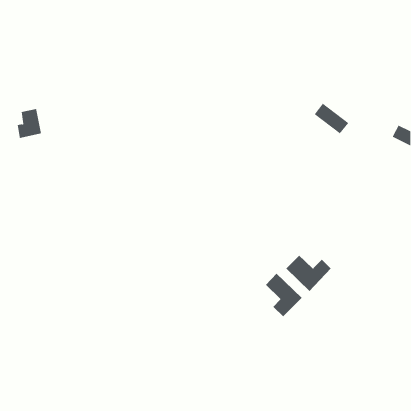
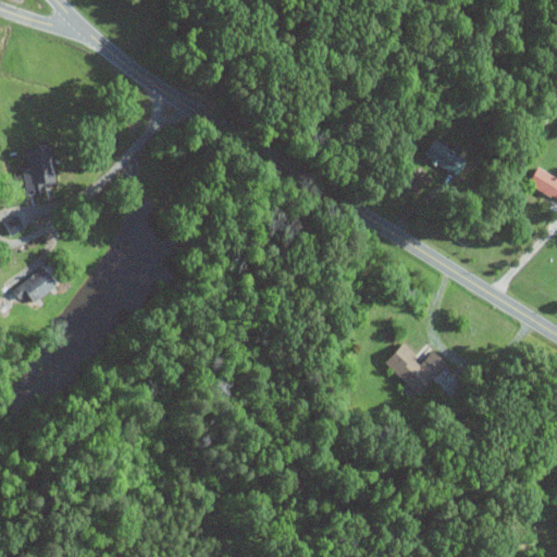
building: none -> [12,267,60,304]
building: [265,273,303,317] -> none

